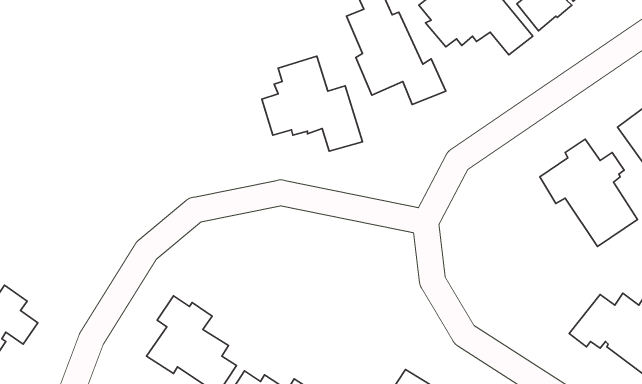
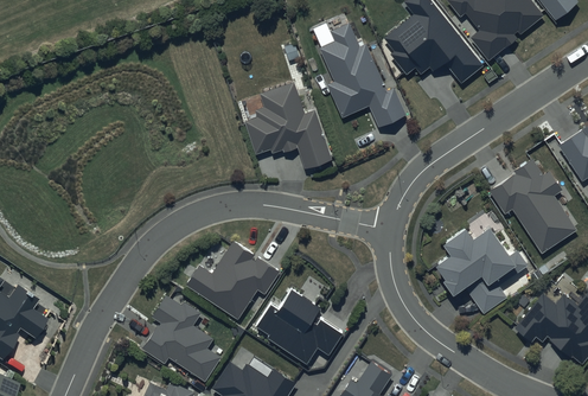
building: none -> [436,229,529,314]
building: none -> [187,242,280,319]
building: none -> [256,288,341,364]

